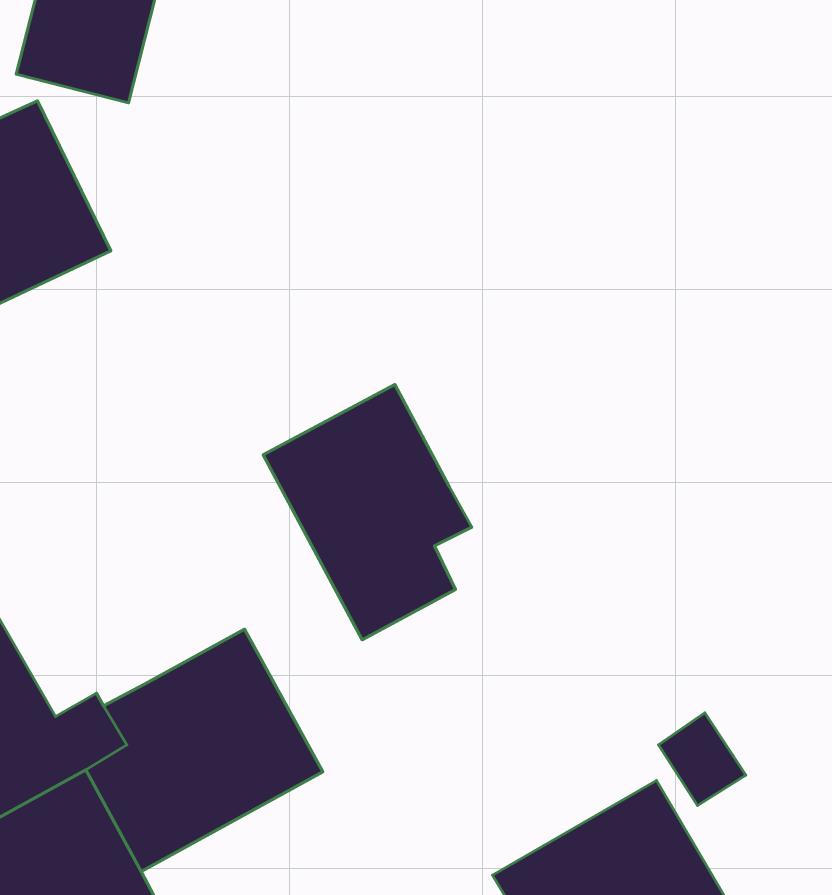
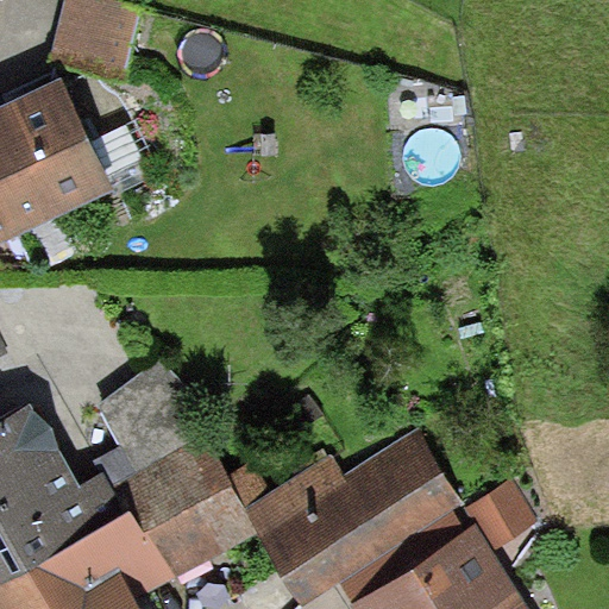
building: [263,385,472,640] -> none
building: none -> [98,364,200,466]
building: none -> [251,441,453,592]

